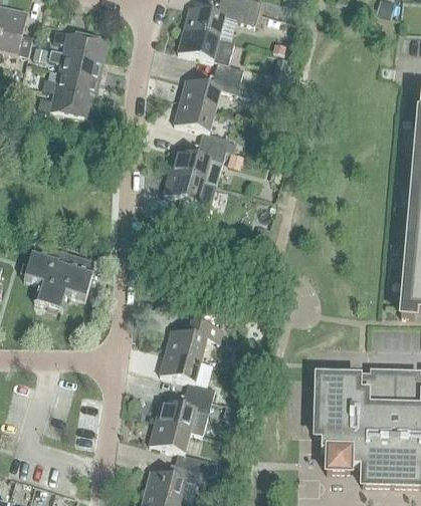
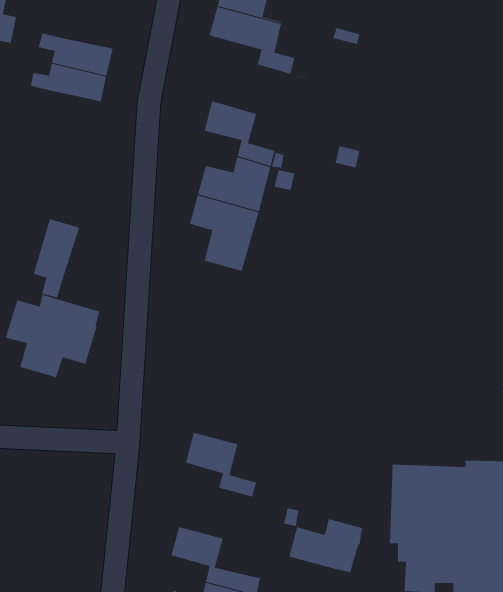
building: [52,30,109,60] -> none
building: [179,72,251,109] -> none
building: [37,91,95,119] -> none
building: none -> [33,218,80,298]
building: [165,321,220,359] -> none
building: [154,393,210,434] -> [289,518,363,573]

